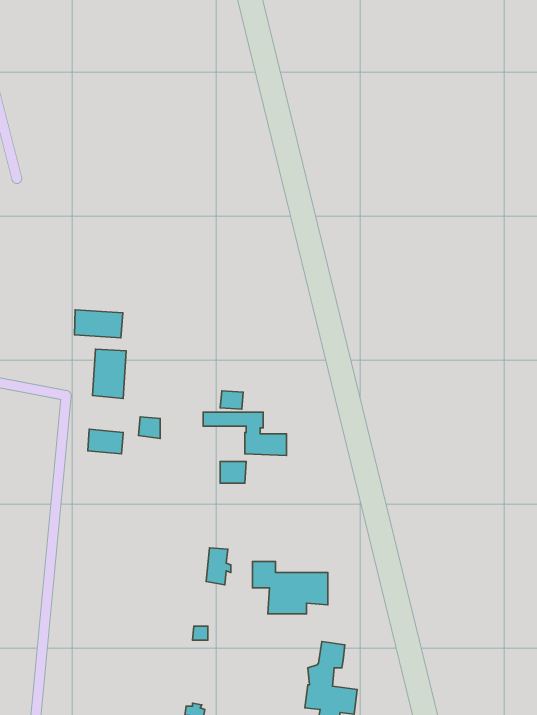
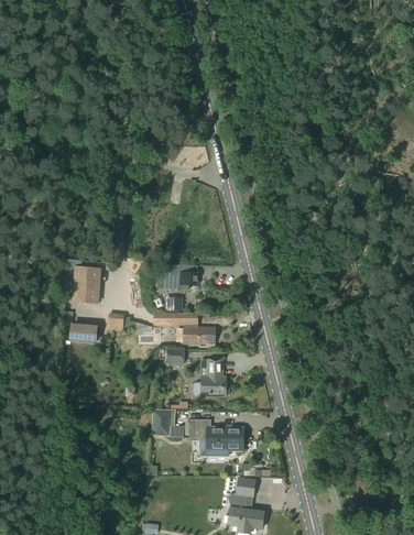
building: [75,310,123,338] -> none
building: none -> [165,264,198,290]
building: none -> [194,359,230,396]

